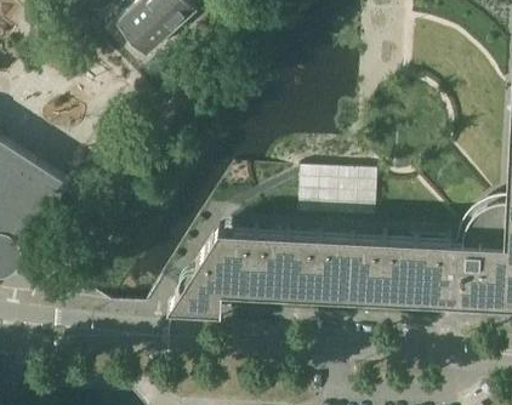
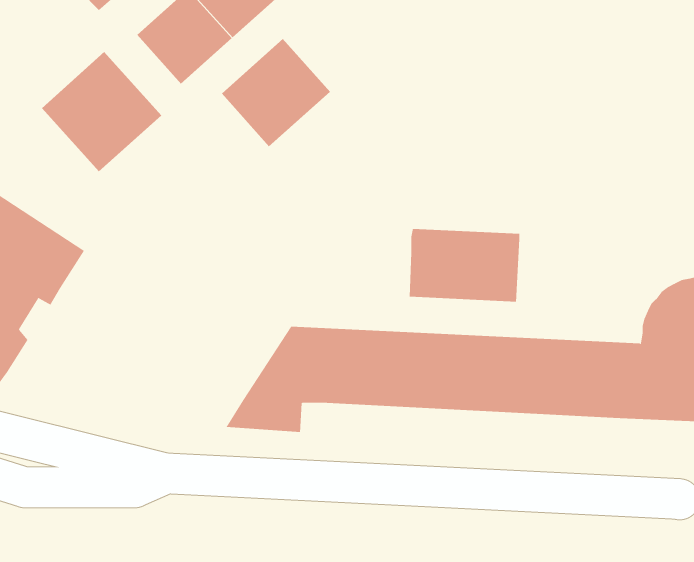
building: none -> [221,38,331,147]
building: none -> [41,51,162,172]

